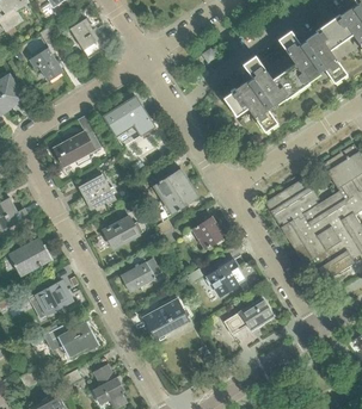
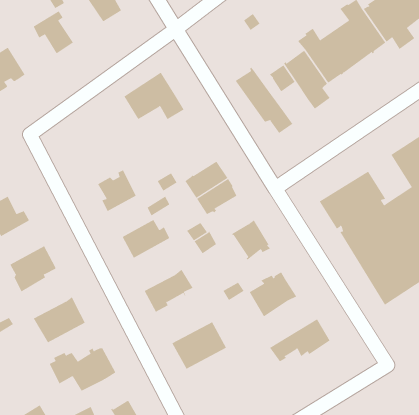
building: none -> [235,67,293,134]
building: [51,130,100,167] -> none

